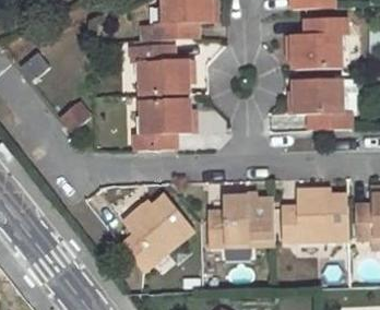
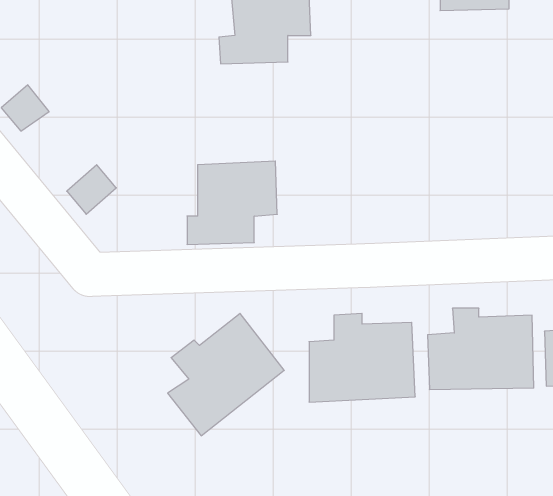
building: [294,16,348,68] -> none
building: [130,45,189,95] -> none
building: [294,79,351,129] -> none

